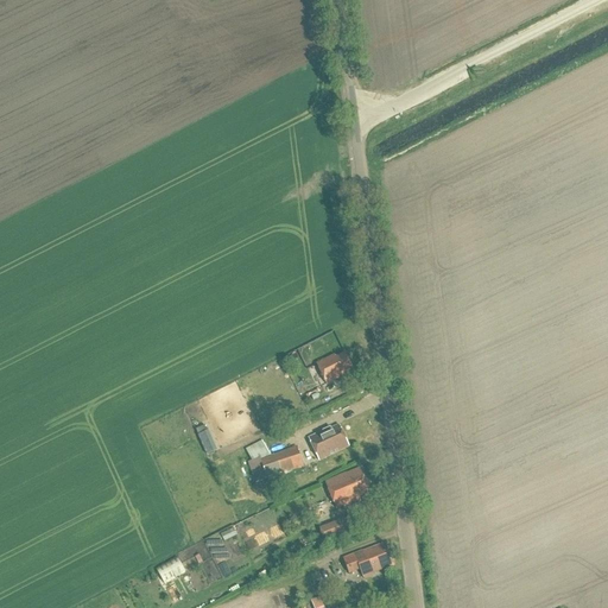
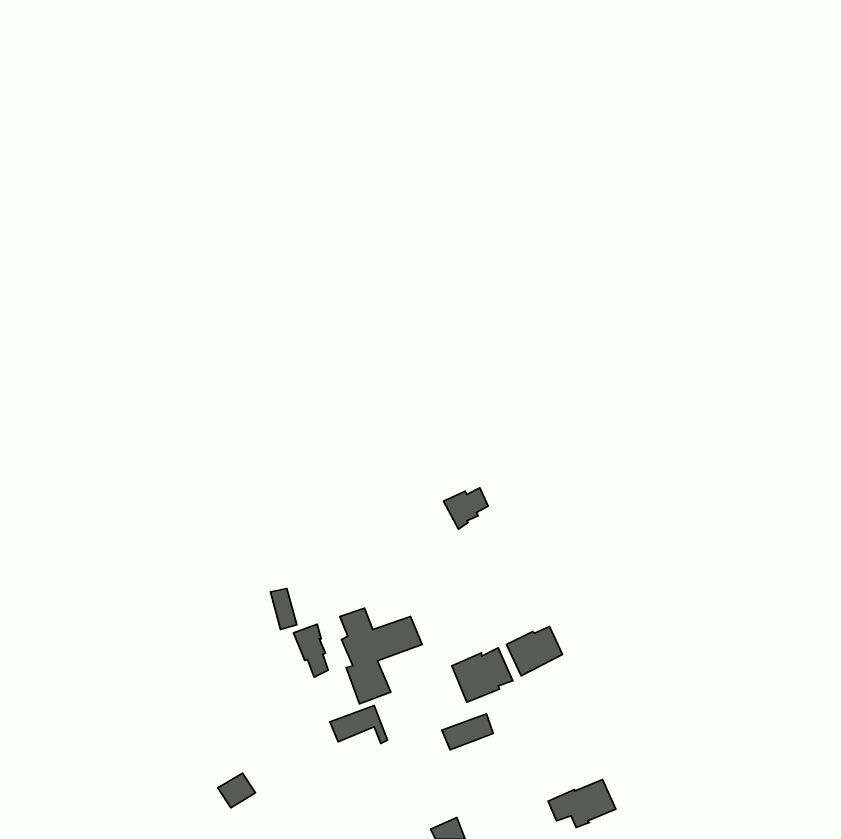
building: [308,424,348,460] -> [506,626,563,676]
building: none -> [294,624,328,677]
building: [342,539,391,574] -> [548,780,616,827]

